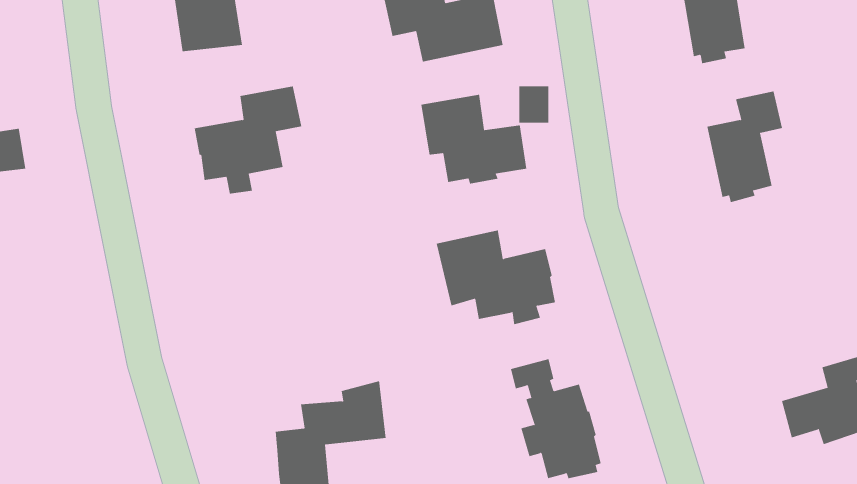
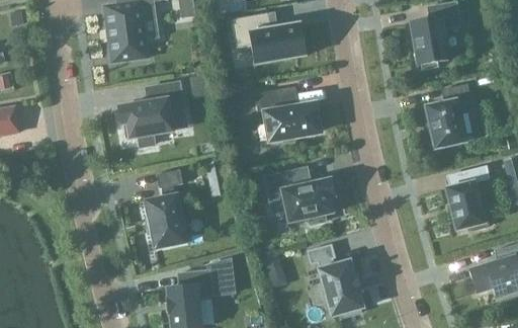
building: none -> [447,165,491,229]
building: none -> [147,168,192,248]

